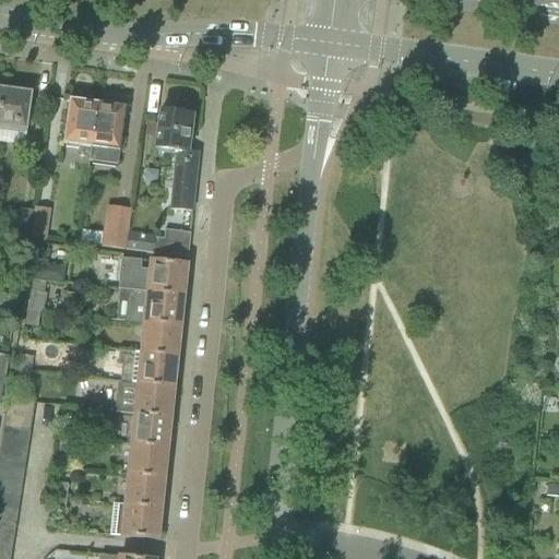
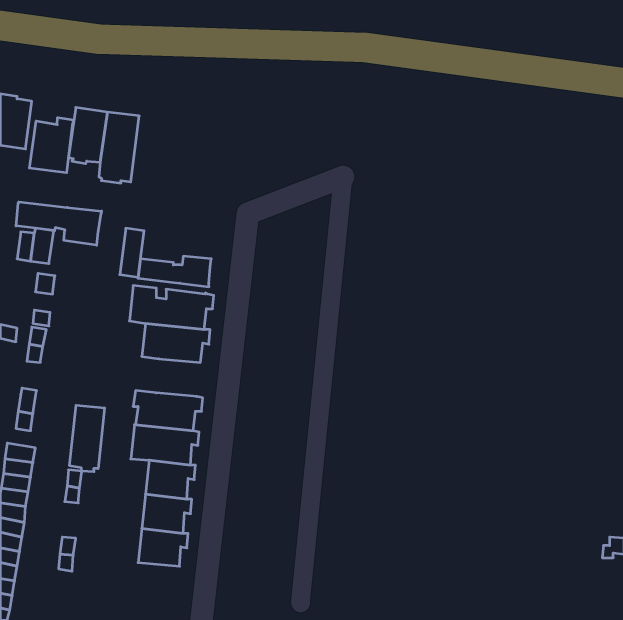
building: none -> [29,118,73,173]
building: [156,109,199,210] -> none
building: none -> [16,202,102,245]
building: [141,321,186,355] -> none
building: none -> [70,405,105,472]
building: [121,503,167,538] -> none

